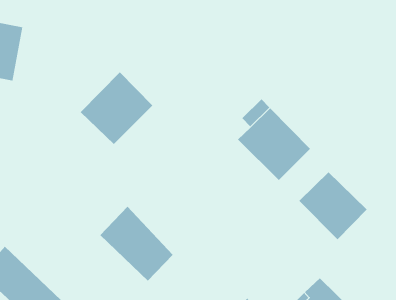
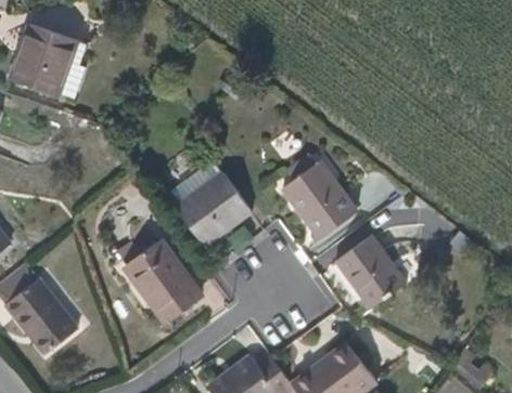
building: [80,72,153,145] -> [175,170,252,245]

